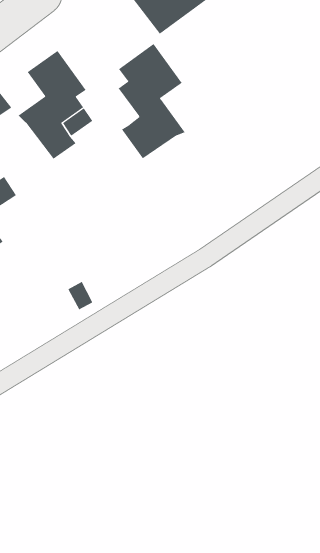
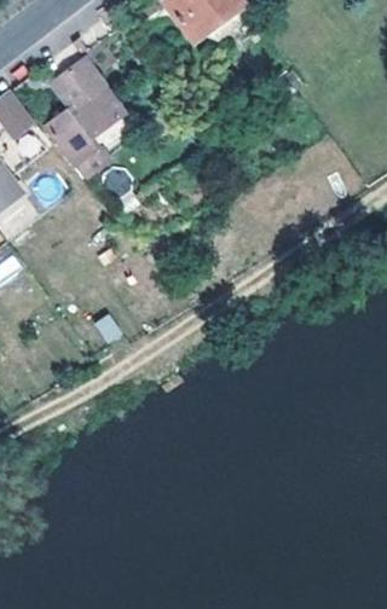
building: [118,43,186,159] -> none

